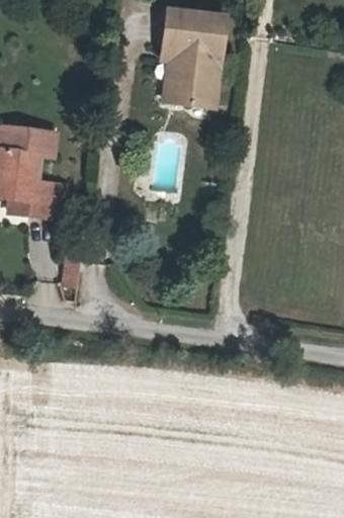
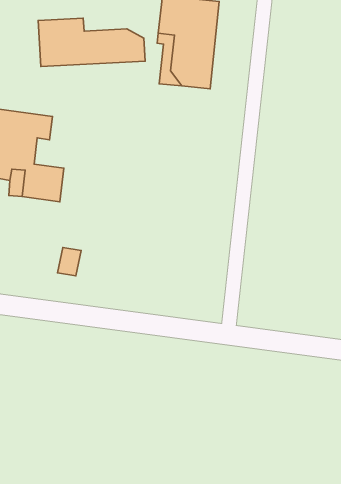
building: none -> [38,18,145,66]

